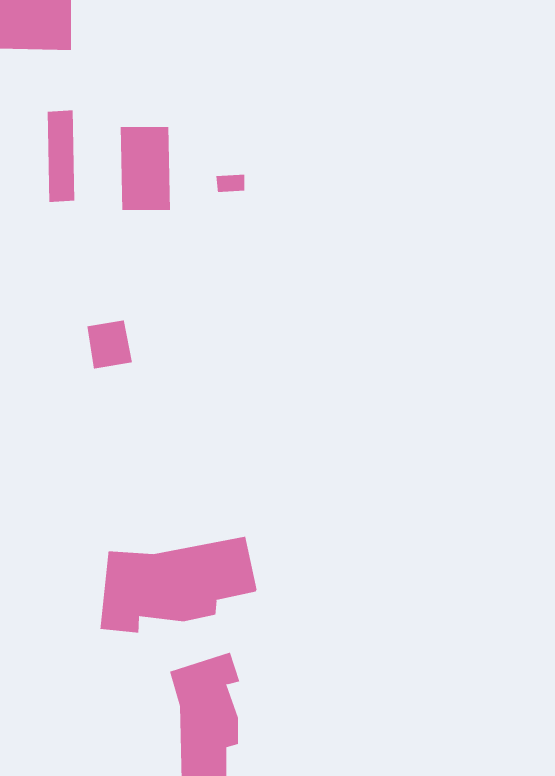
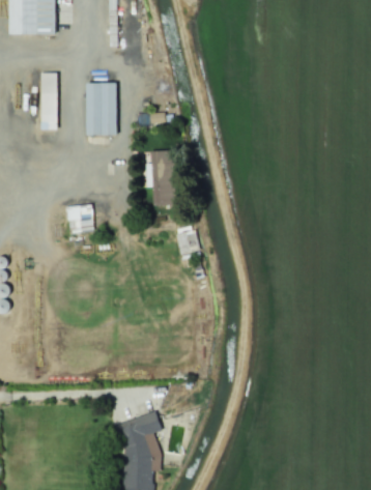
building: none -> [146,150,174,205]
building: none -> [175,229,200,255]
building: [100,536,257,634] -> none

